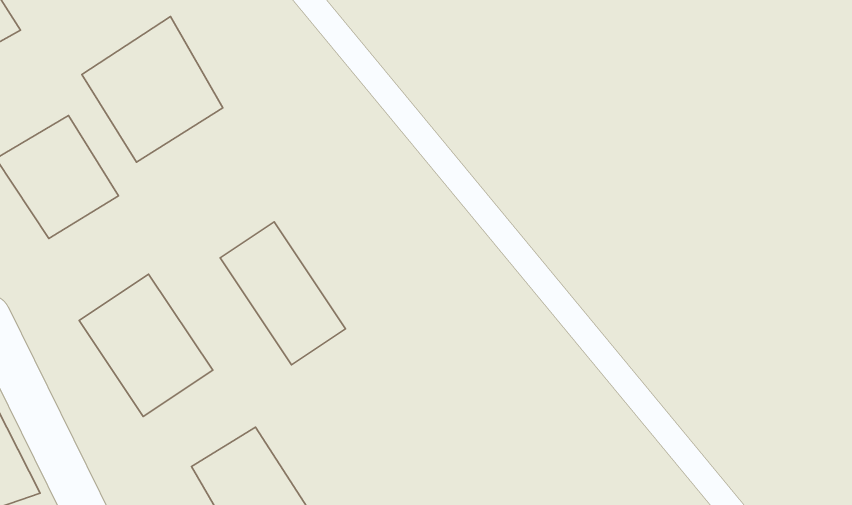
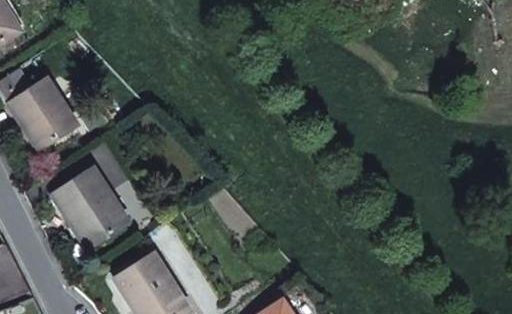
building: [82,17,223,162] -> none
building: [220,222,345,365] -> none

